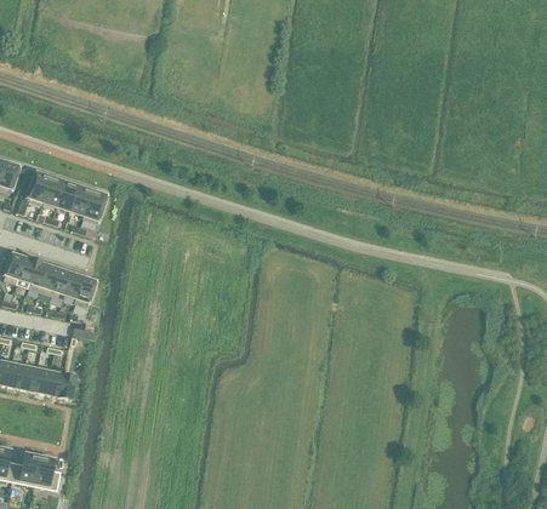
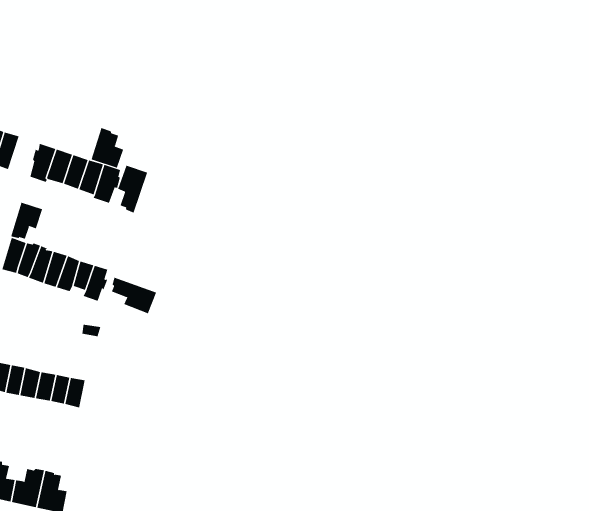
building: none -> [91,127,124,168]
building: none -> [117,165,148,214]
building: none -> [11,202,43,240]
building: none -> [111,277,157,314]

